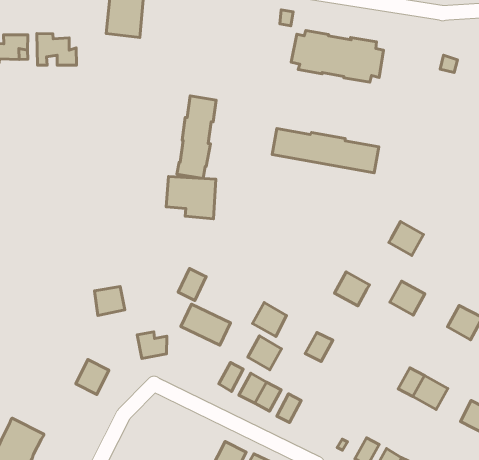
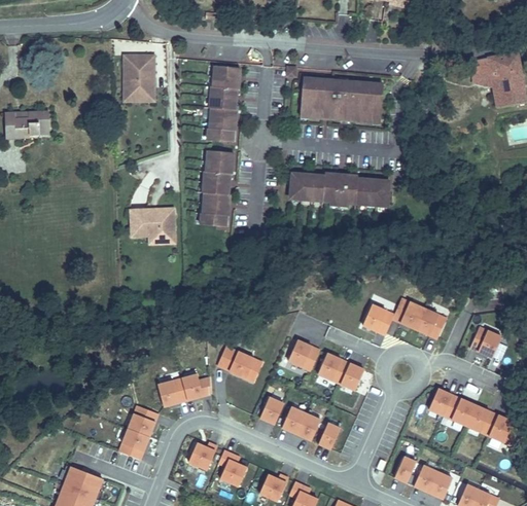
building: none -> [210,67,241,142]
building: [37,34,77,65] -> none
building: [166,176,216,219] -> [134,207,179,244]
building: [389,222,424,256] -> [390,297,422,328]
building: [178,268,206,300] -> none
building: [94,286,125,315] -> [155,378,185,407]
building: [248,336,282,370] -> [316,352,347,383]
building: none -> [116,429,146,460]
building: none -> [464,404,496,434]
building: none -> [190,442,218,471]
building: none -> [221,449,249,486]

